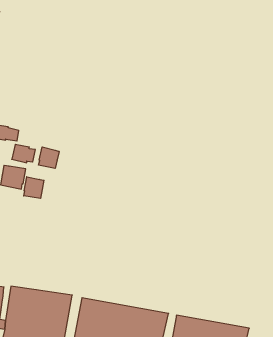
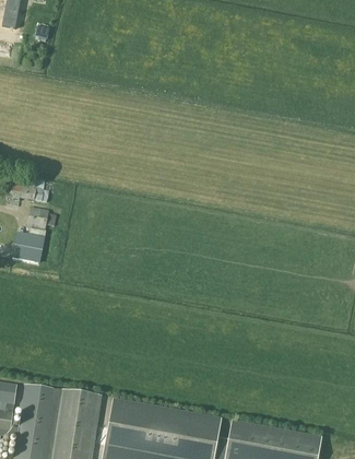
building: [39,147,59,168] -> none
building: [24,177,44,198] -> none

